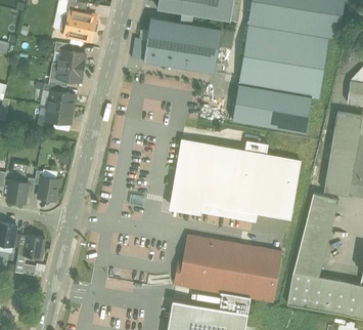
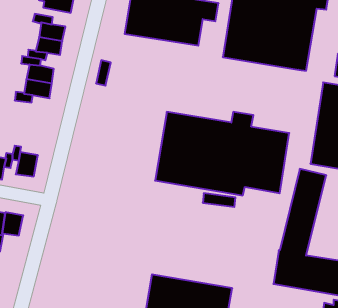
building: [232,84,312,132] -> none
building: [174,235,281,301] -> none

